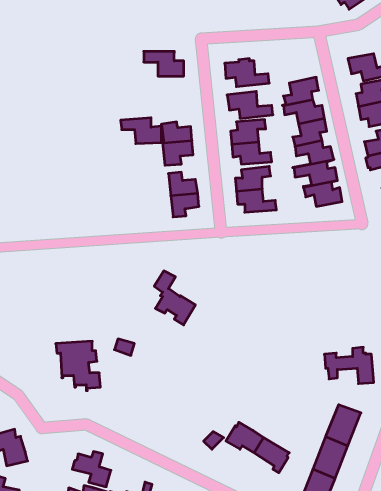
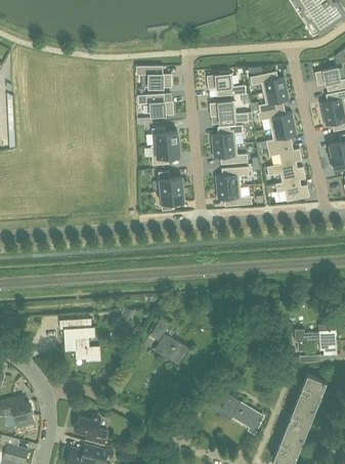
building: none -> [250,71,287,93]
building: [121,118,162,144] -> [137,93,173,116]
building: [154,271,195,325] -> [154,318,189,365]

